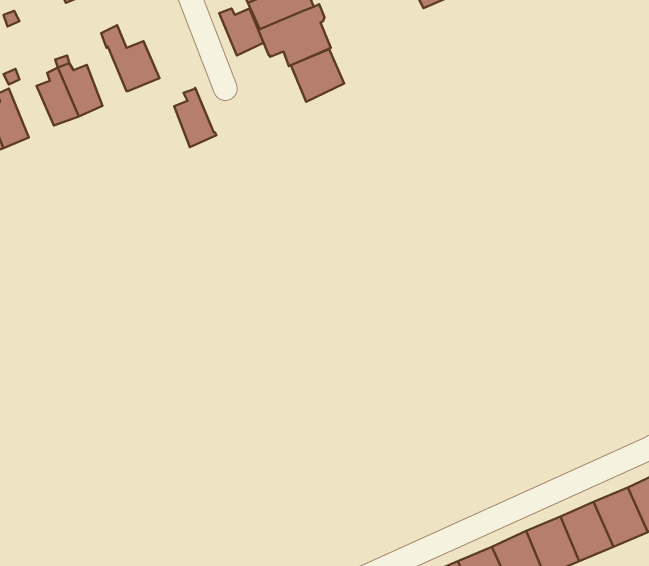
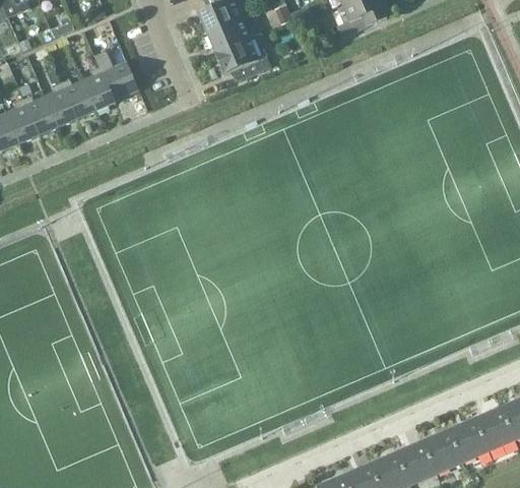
building: [219,9,264,55] -> none
building: [291,49,344,102] -> none
building: none -> [21,97,56,137]
building: [174,88,216,147] -> [81,67,114,113]

